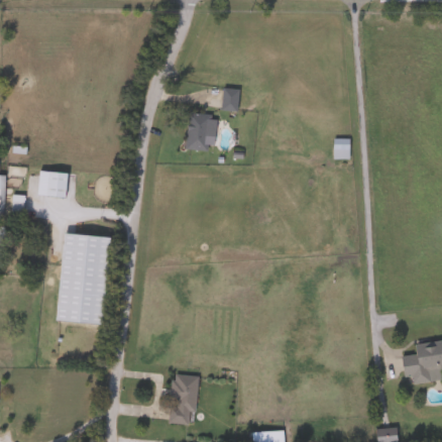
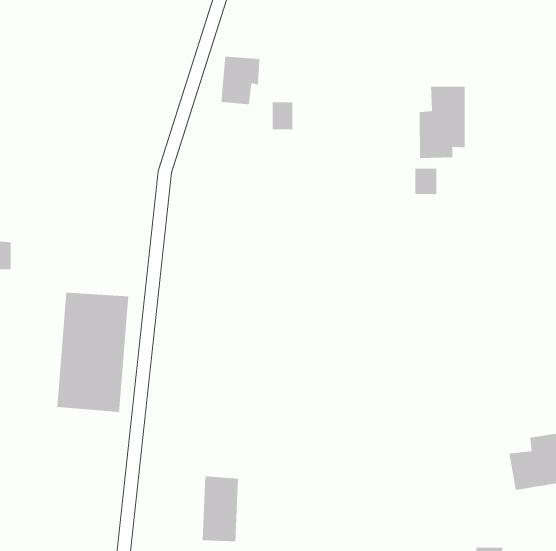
building: none -> [419,86,465,159]
building: [186,113,216,150] -> [221,56,260,105]
building: [37,171,70,196] -> none

